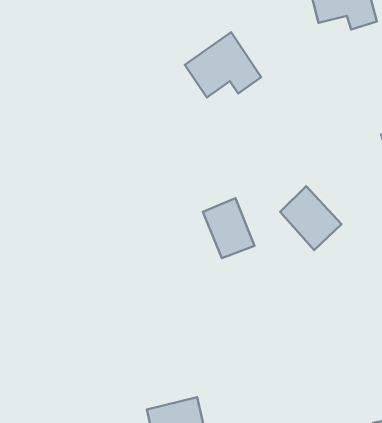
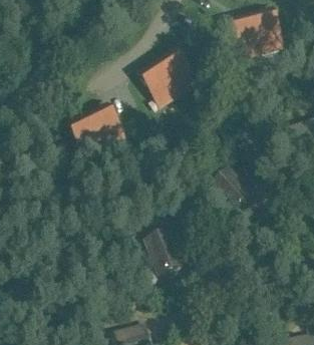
building: none -> [68,106,123,151]
building: [203,198,254,258] -> [148,231,187,275]

